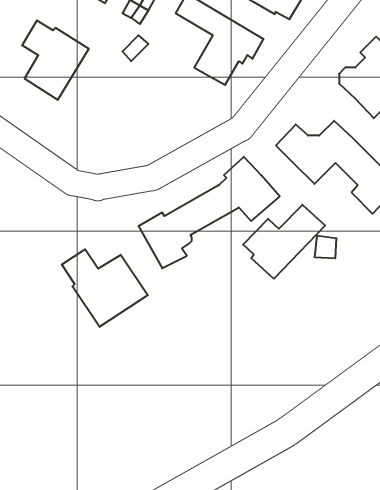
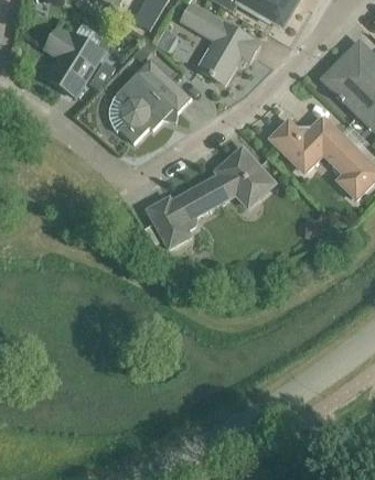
building: none -> [108,57,190,142]
building: [243,205,325,279] -> none
building: [62,249,148,327] -> none

